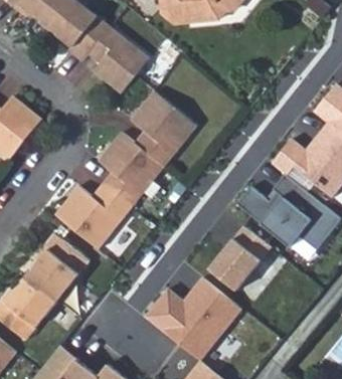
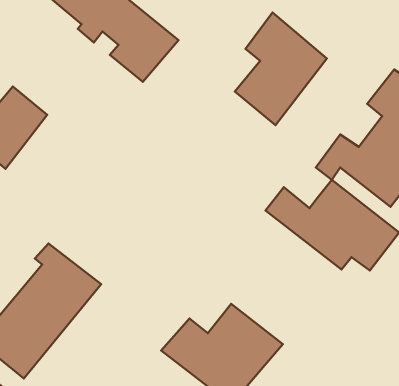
building: none -> [235,13,327,125]
building: [60,91,203,249] -> none
building: [205,226,283,303] -> none

